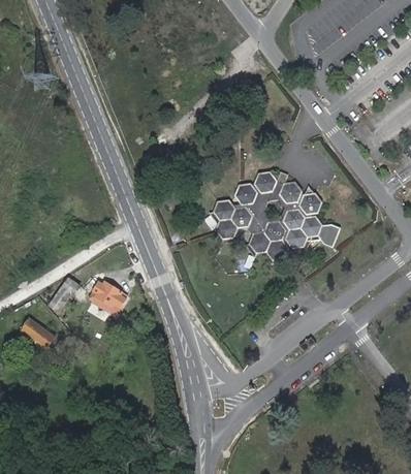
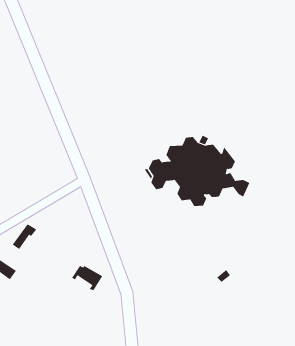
building: [88,282,127,314] -> [71,265,103,291]

